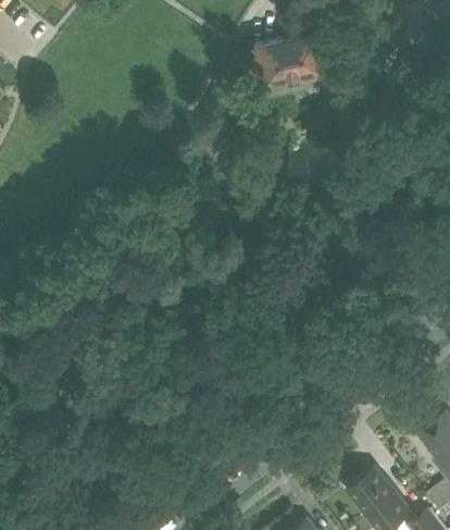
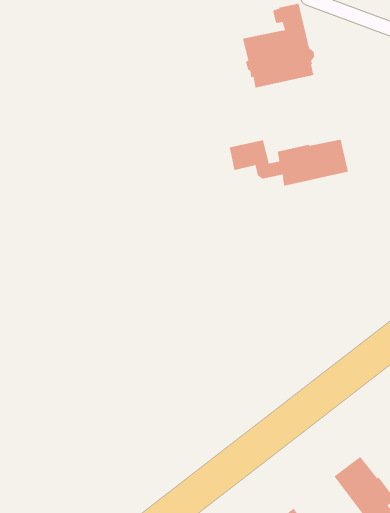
building: none -> [229,139,349,187]

